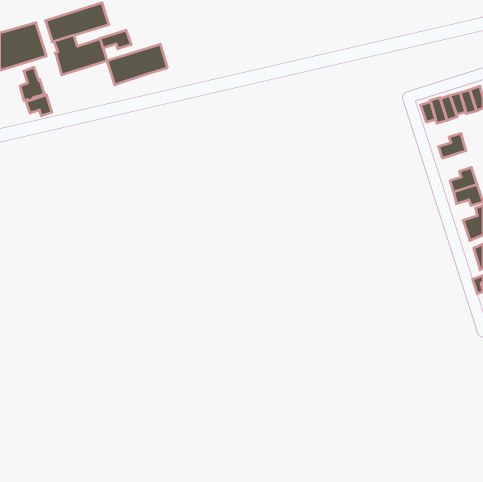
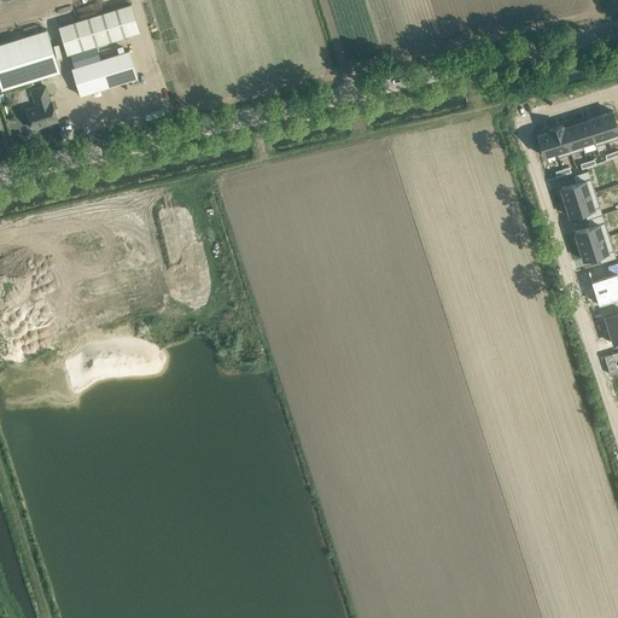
building: [100,30,131,49] -> none
building: [107,44,167,85] -> none
building: [26,95,52,116] -> none
building: none -> [564,194,601,221]

